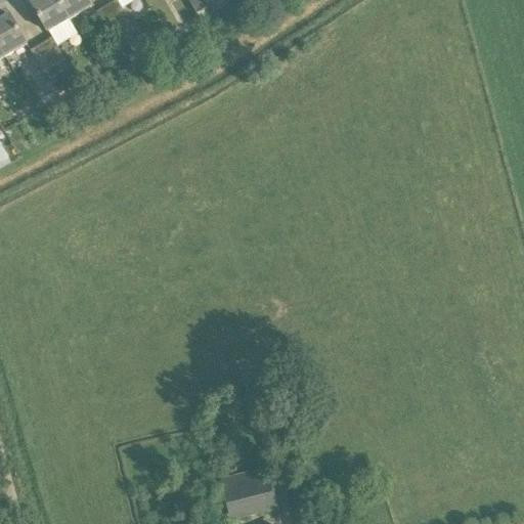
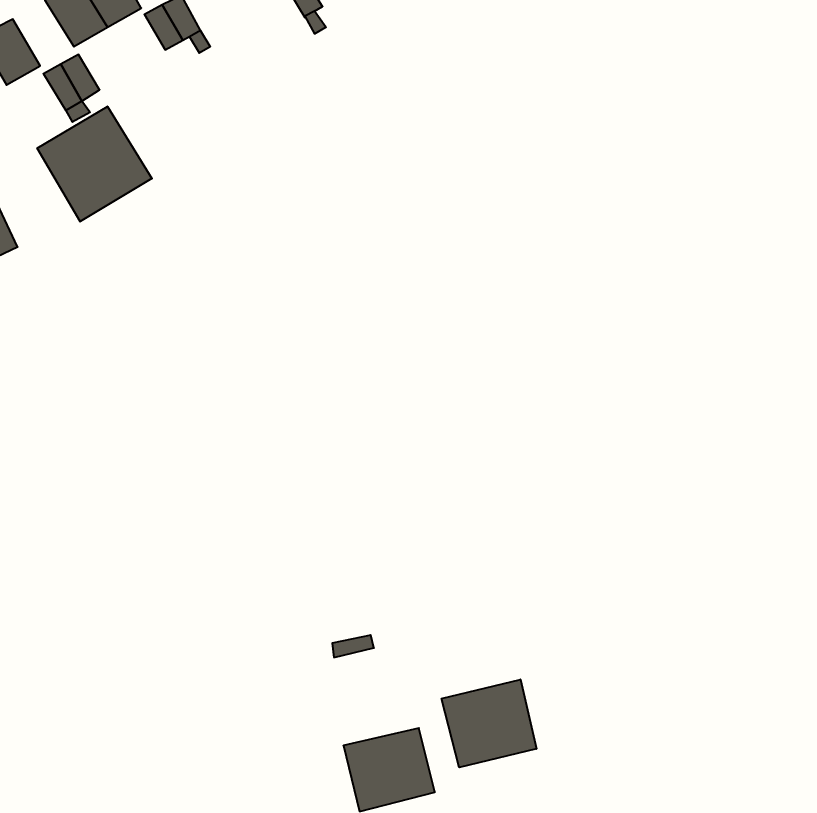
building: none -> [37,106,152,222]
building: none -> [442,679,536,767]

